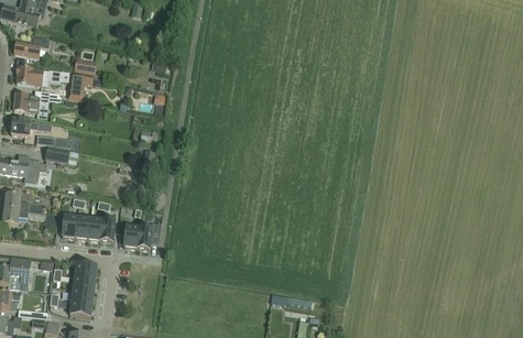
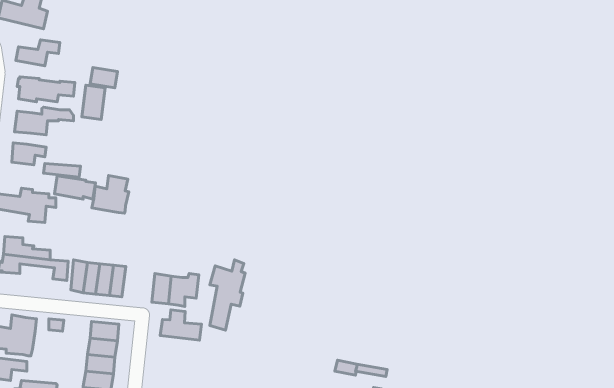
building: none -> [92,176,129,213]
building: none -> [210,260,245,330]
building: none -> [160,310,202,340]

